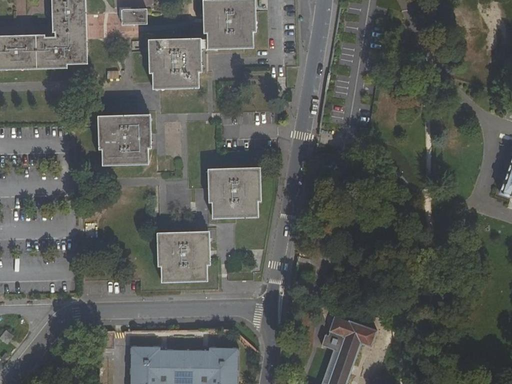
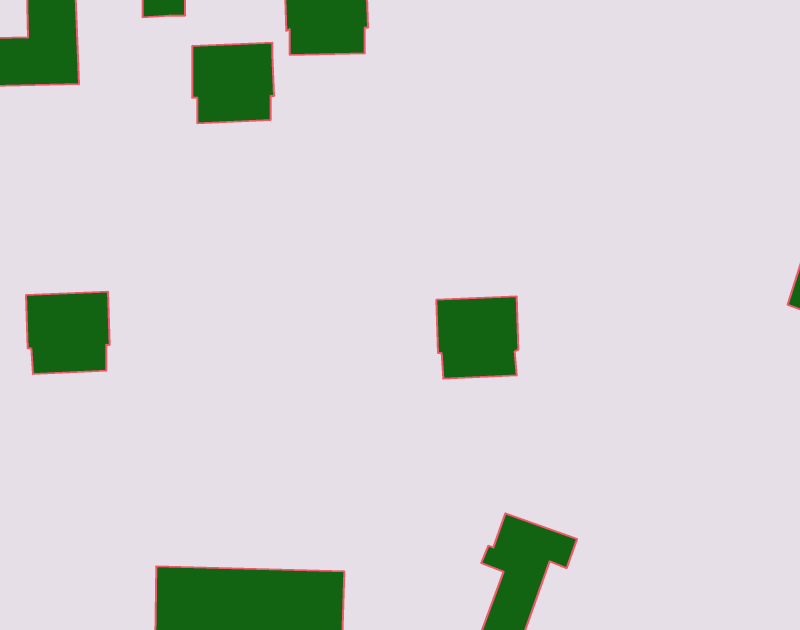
building: [100,116,149,164] -> [26,292,110,374]
building: [210,169,258,217] -> [436,296,518,379]
building: [159,233,208,281] -> none

